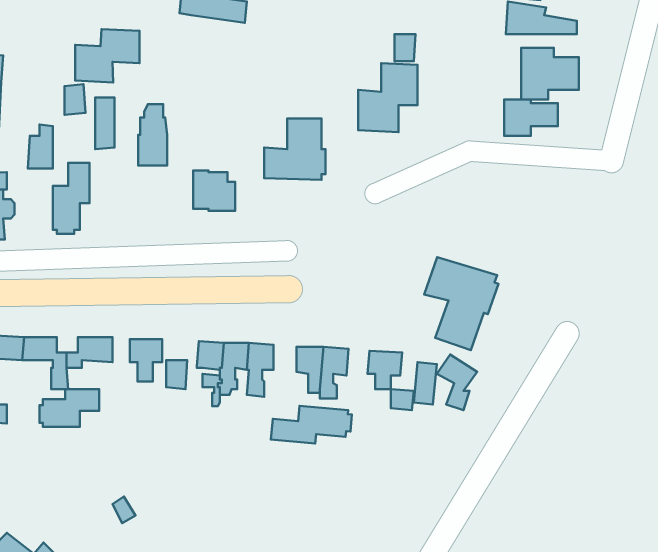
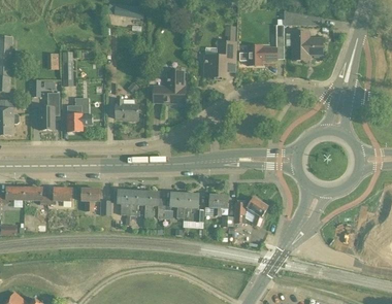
building: [75,29,140,82] -> none
building: [504,99,558,136] -> [248,45,276,65]
building: [138,104,167,166] -> [67,98,83,131]
building: [424,257,499,350] -> none
building: [40,389,99,427] -> none
building: [271,406,352,444] -> none

